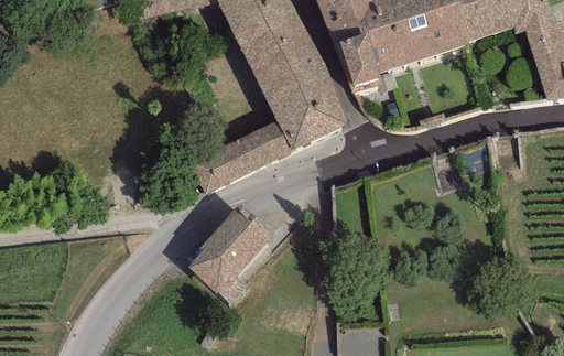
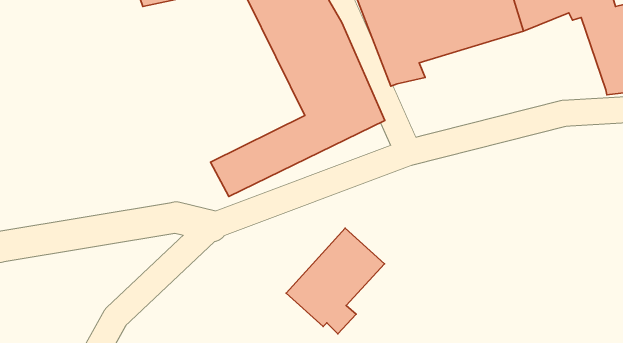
building: [185,206,273,301] -> [286,228,384,334]

